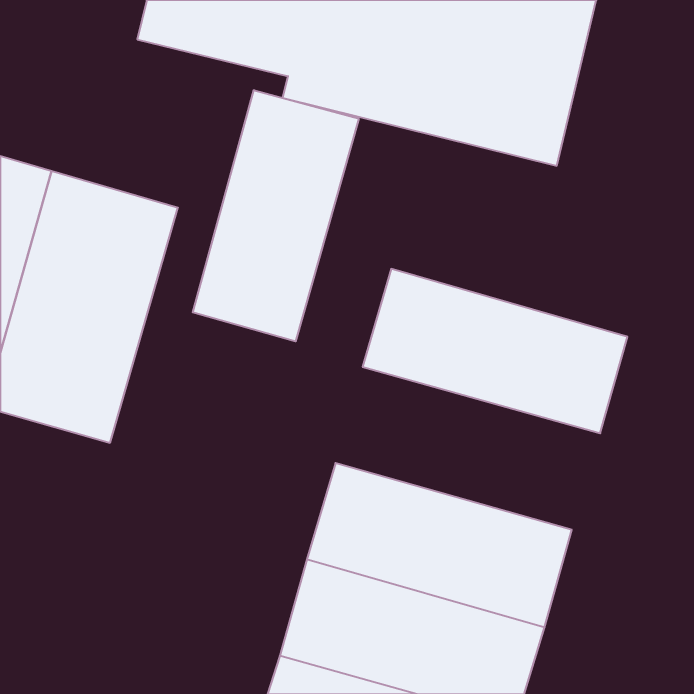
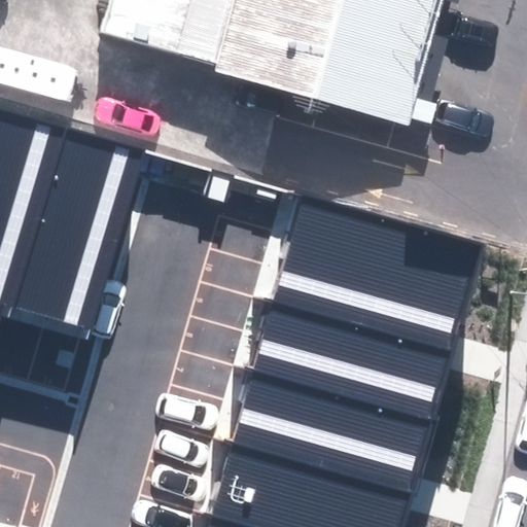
building: [193,90,359,341] -> none
building: none -> [254,278,455,401]

